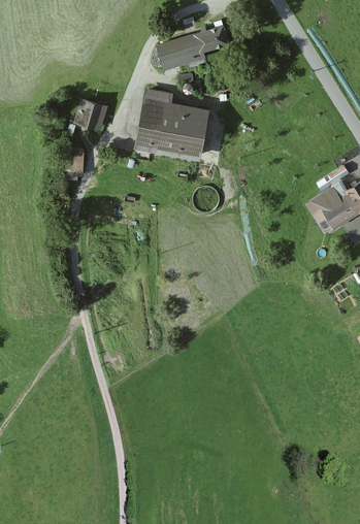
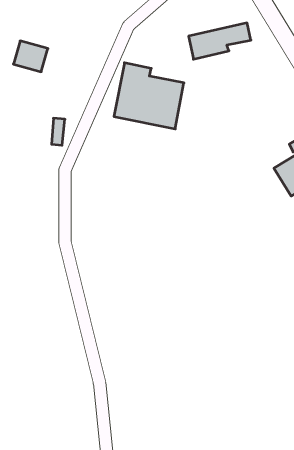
building: [162,29,229,68] -> [189,23,251,59]
building: [69,98,106,131] -> [13,41,48,72]

